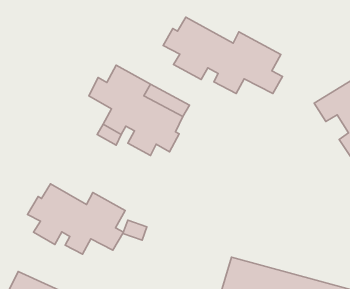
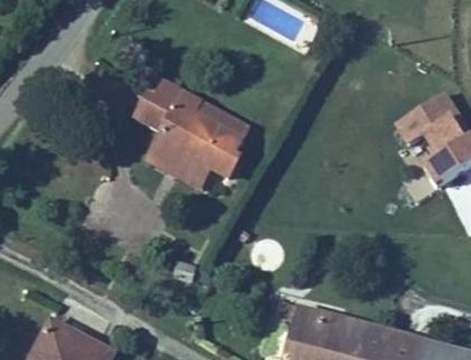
building: [163,17,282,93] -> none
building: [28,184,125,254] -> none

